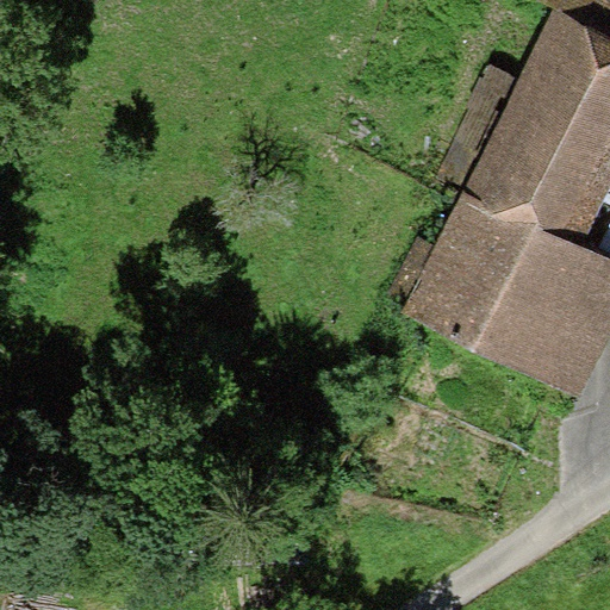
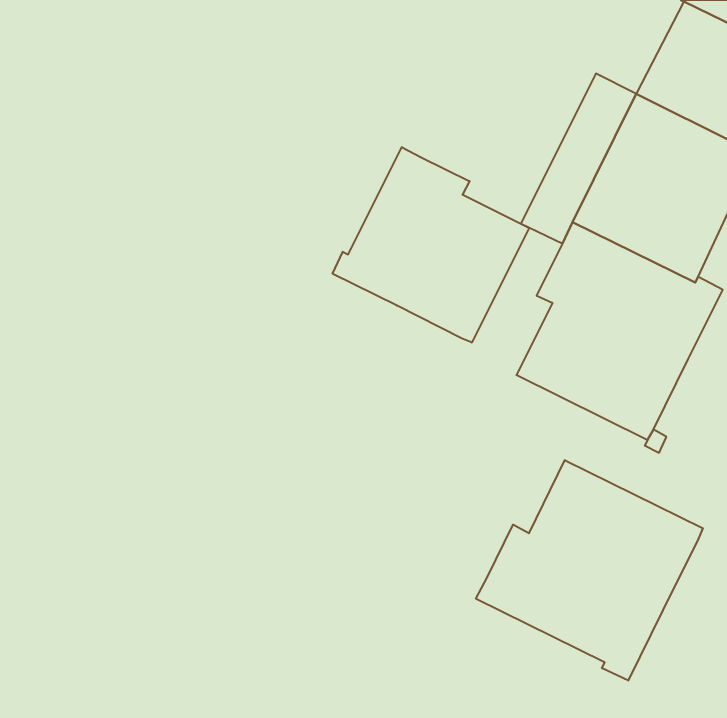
building: none -> [333,147,529,343]
building: none -> [476,460,703,681]

